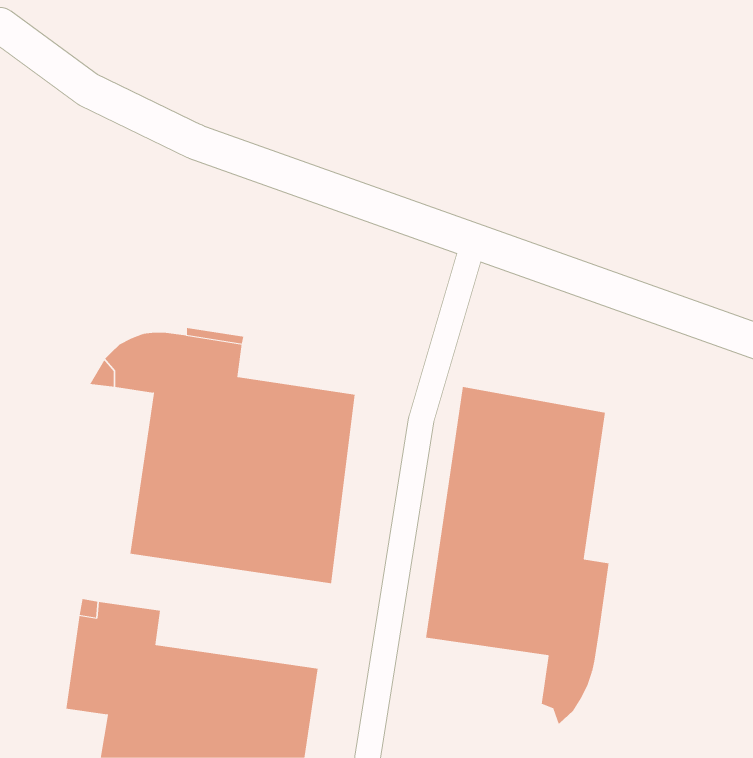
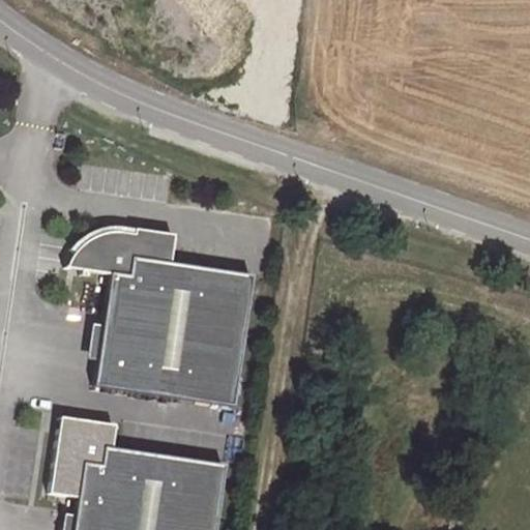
building: [426,386,609,725] -> none

